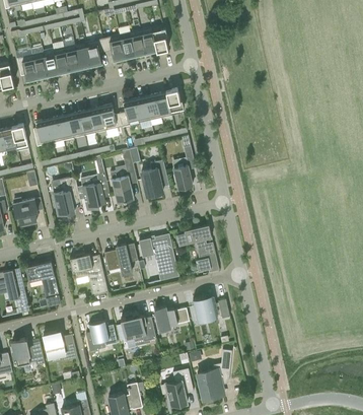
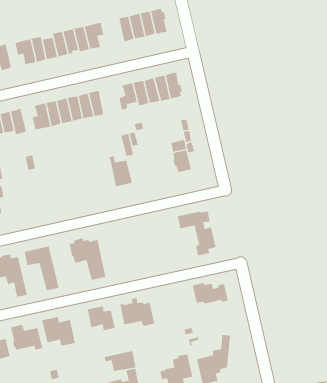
building: [101,36,124,62] -> none
building: [99,105,122,132] -> none
building: [140,161,165,199] -> none
building: [79,174,108,211] -> none
building: [52,178,79,218] -> none
building: [11,200,37,226] -> none
building: [137,234,177,282] -> none
building: [102,245,137,275] -> none
building: [153,307,189,332] -> none
building: none -> [103,350,137,372]

